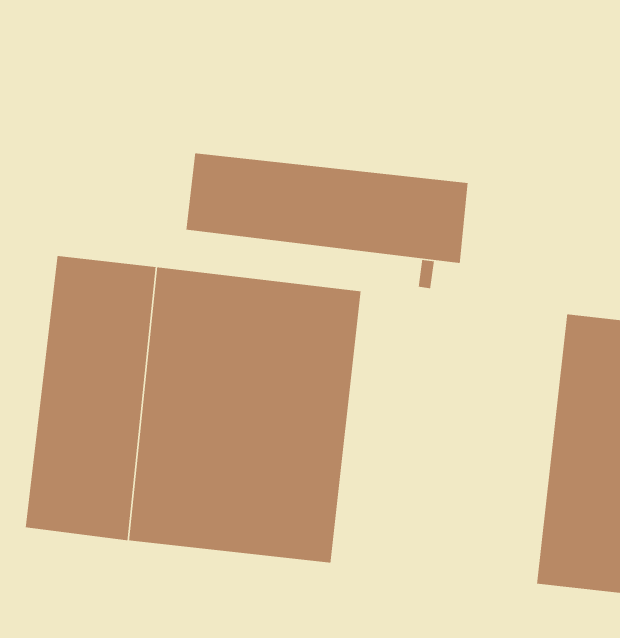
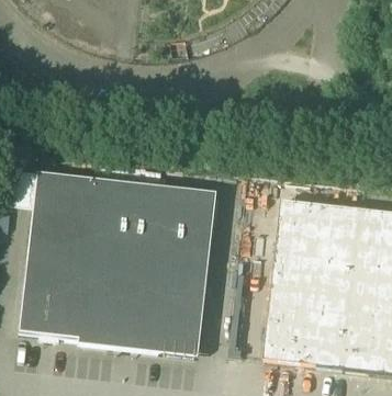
building: [186,152,468,264] -> none
building: none -> [266,199,335,363]

